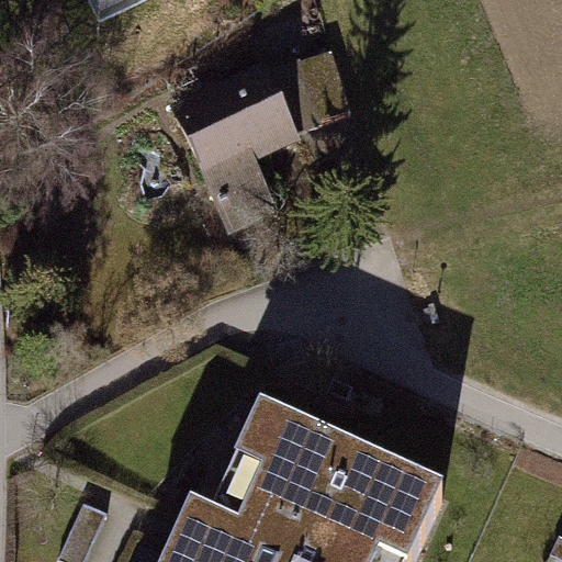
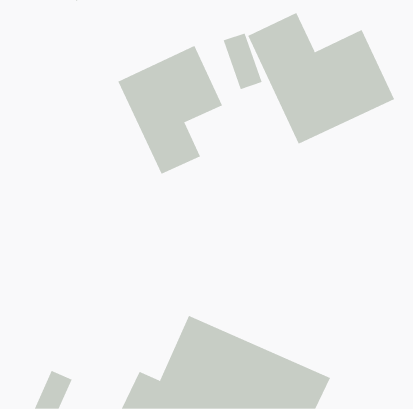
building: none -> [248,12,395,145]

